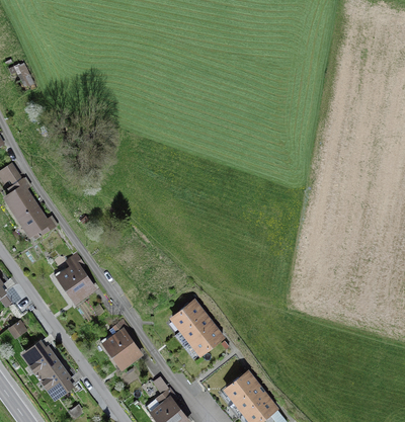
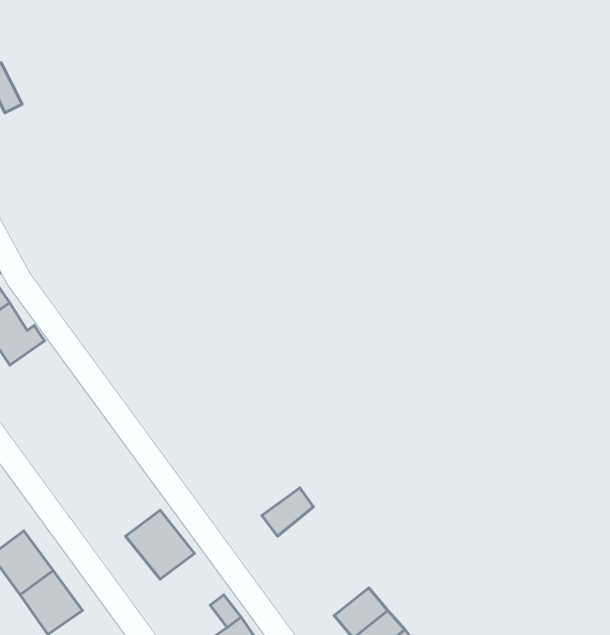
building: [58,255,96,302] -> none
building: [172,302,204,330] -> none
building: [190,325,223,355] -> none

